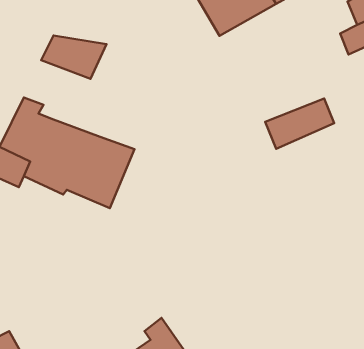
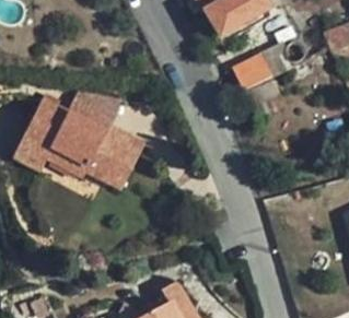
building: [41,36,107,79] -> [68,87,126,126]
building: [265,98,334,149] -> [231,46,292,91]

